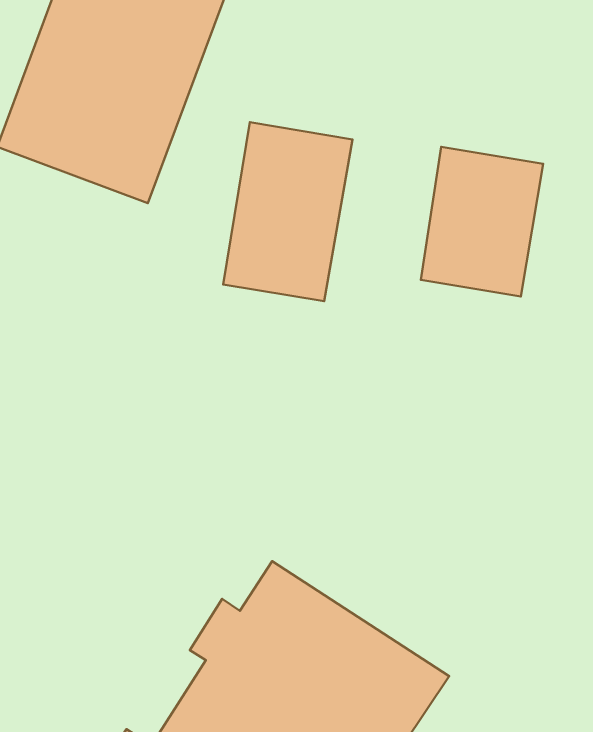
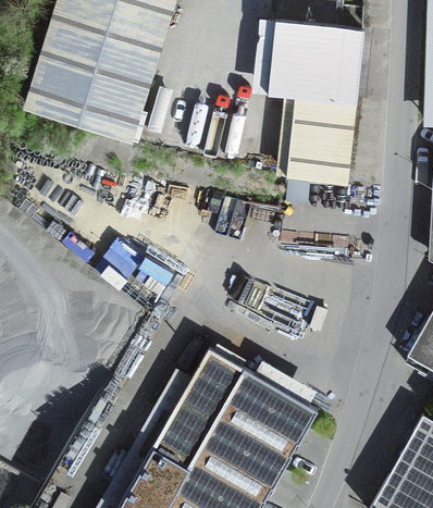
building: none -> [268,21,363,103]
building: [223,122,353,301] -> none

